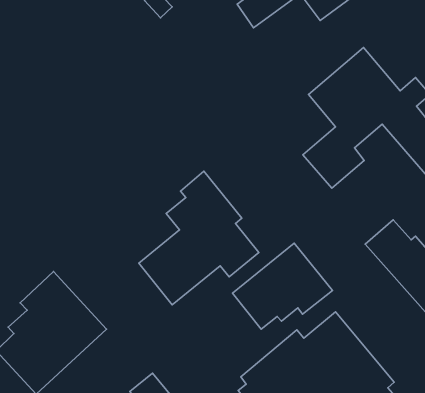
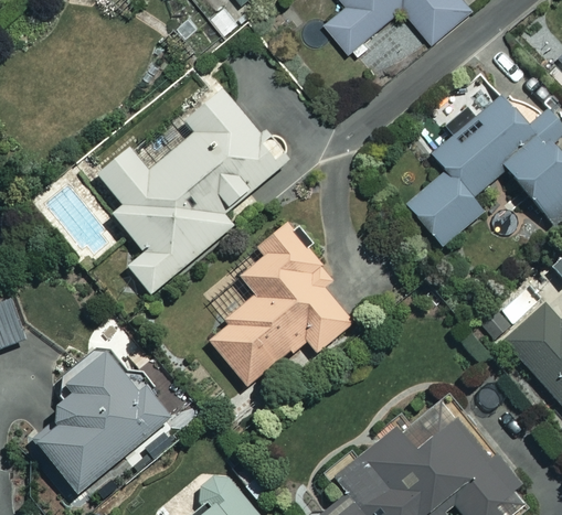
building: none -> [95,88,280,293]
building: [233,243,332,329] -> none

